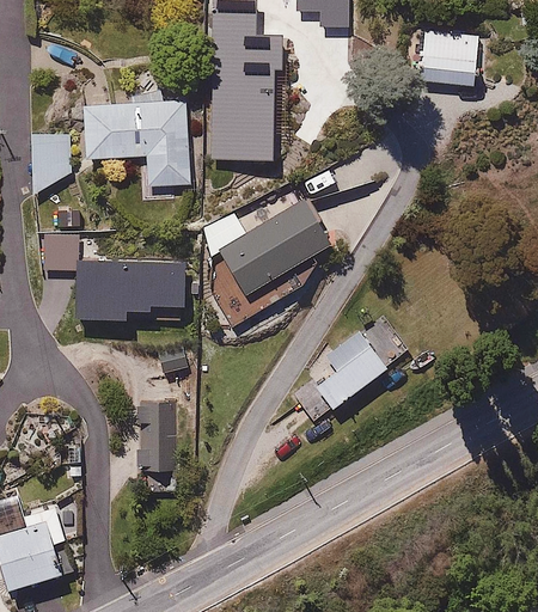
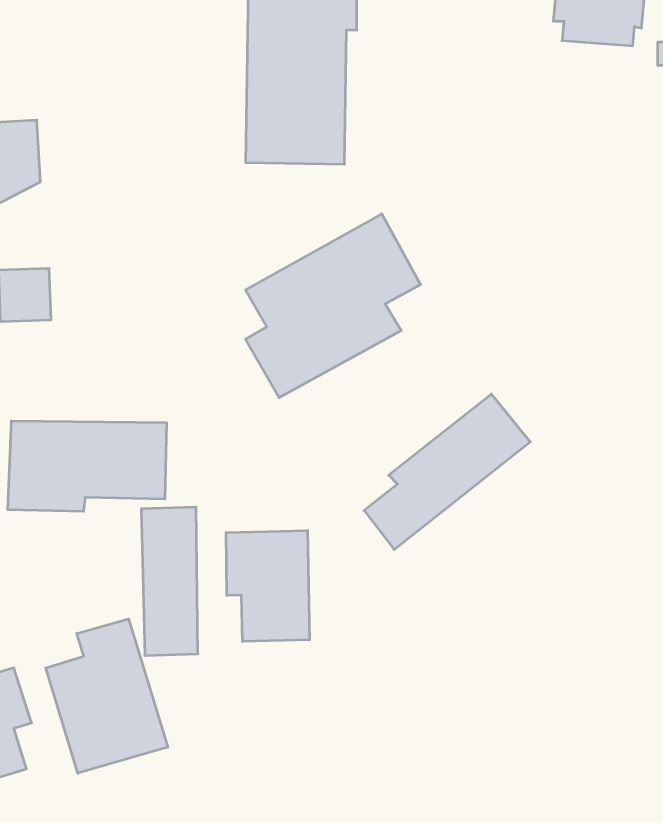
building: [79,96,188,183] -> none
building: [79,263,187,324] -> [8,421,167,511]
building: none -> [226,530,309,642]
building: none -> [46,619,168,773]

